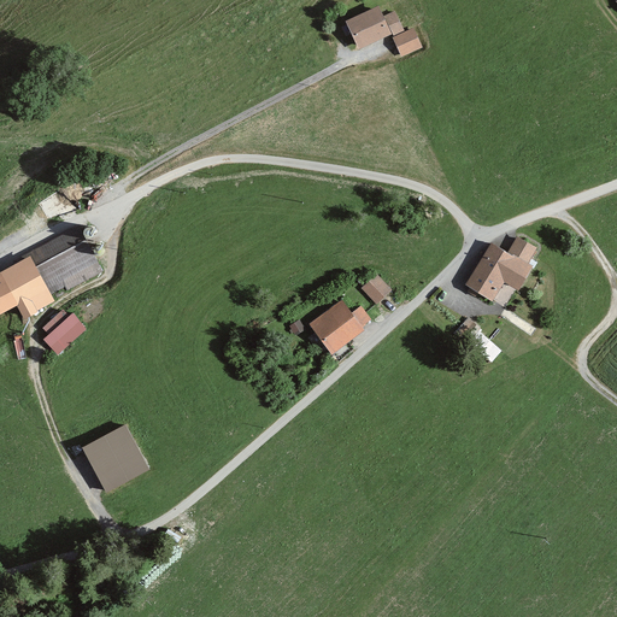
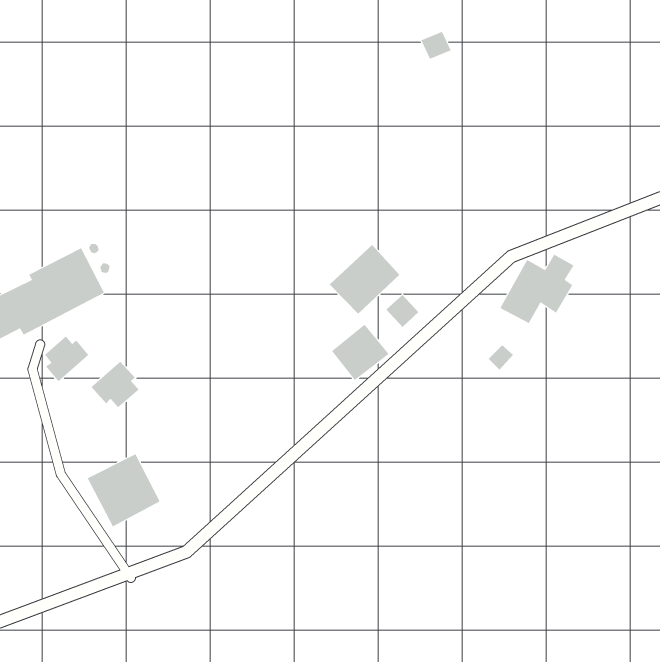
building: [347,8,400,48] -> none
building: none -> [329,244,400,314]
building: none -> [90,361,140,408]

